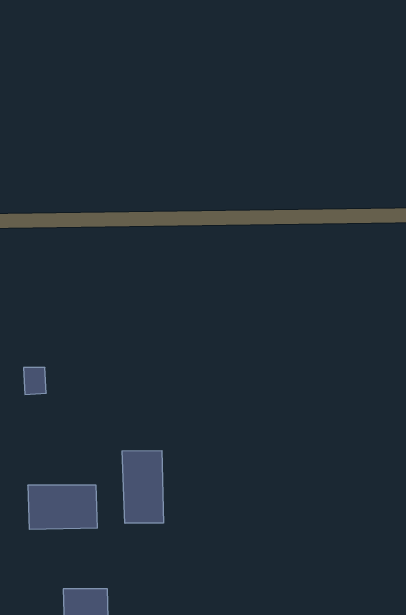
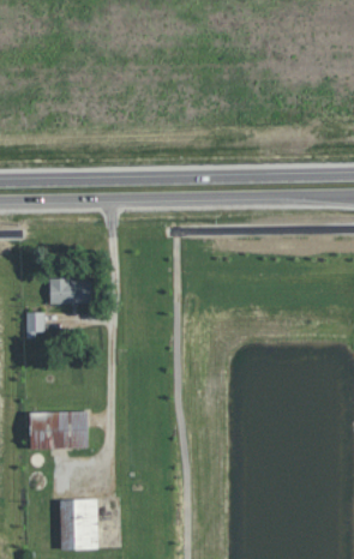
building: none -> [49,279,92,305]
building: [122,451,163,523] -> none

